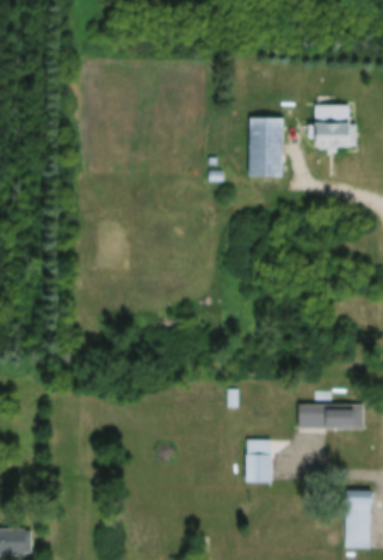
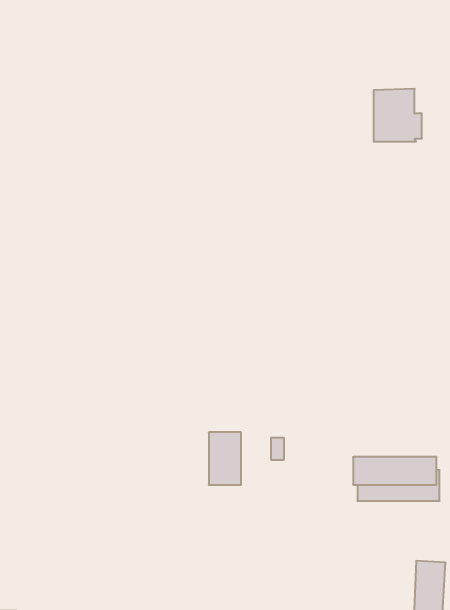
building: [247,117,282,176] -> none
building: [245,439,271,482] -> [209,432,241,485]

